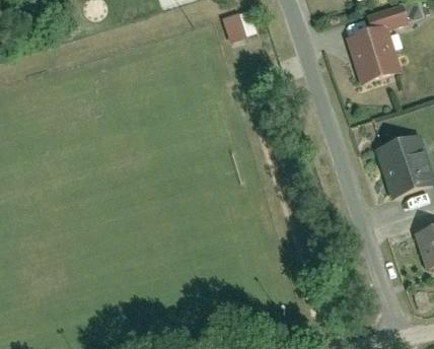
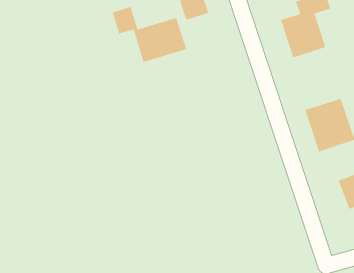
building: none -> [112,6,187,63]

